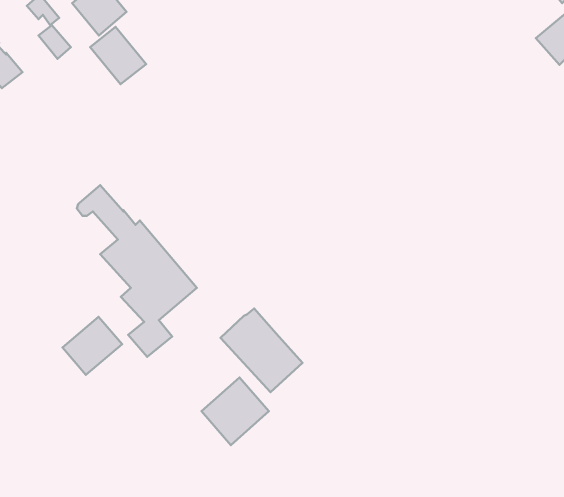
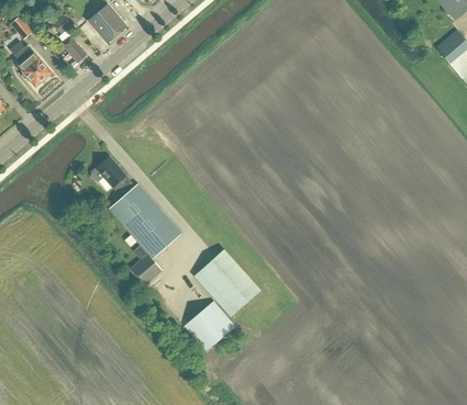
building: [90,27,146,84] -> none
building: [62,317,122,375] -> none

